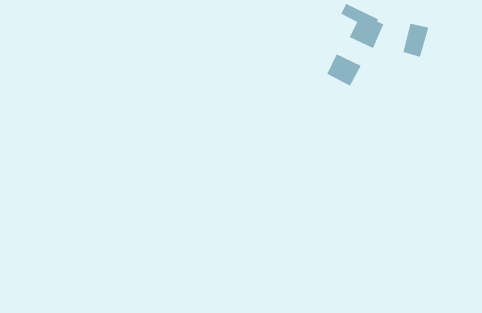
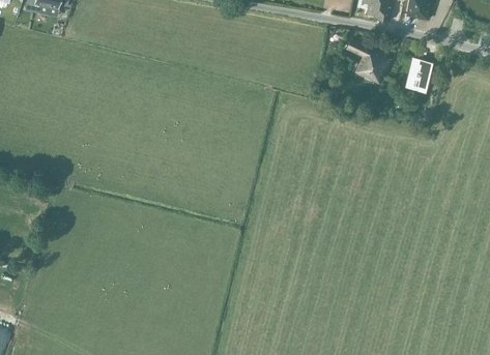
building: [327,54,361,87] -> none

